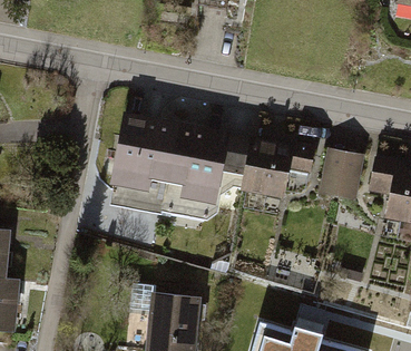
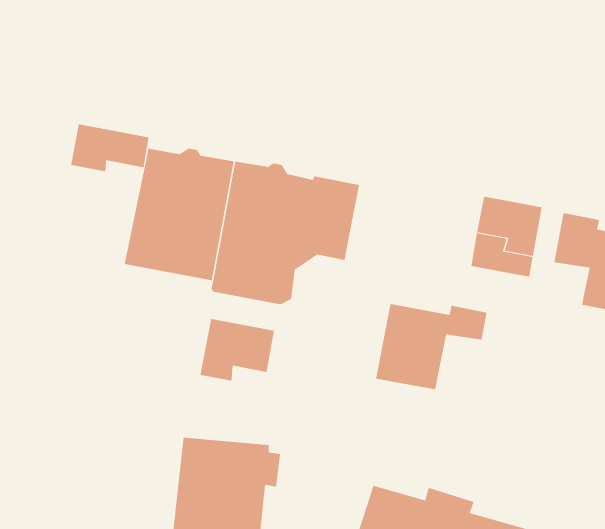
building: none -> [71,124,149,172]
building: [245,139,313,192] -> [375,303,488,390]
building: none -> [200,318,275,382]

